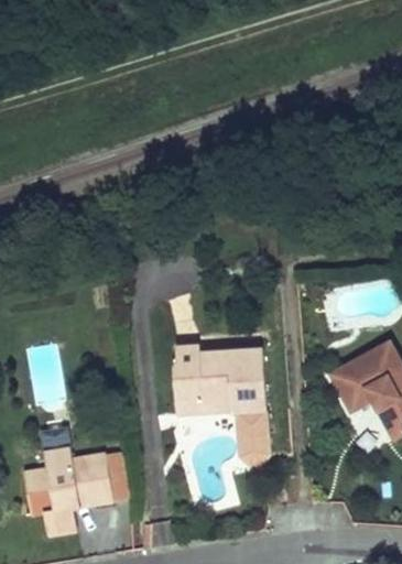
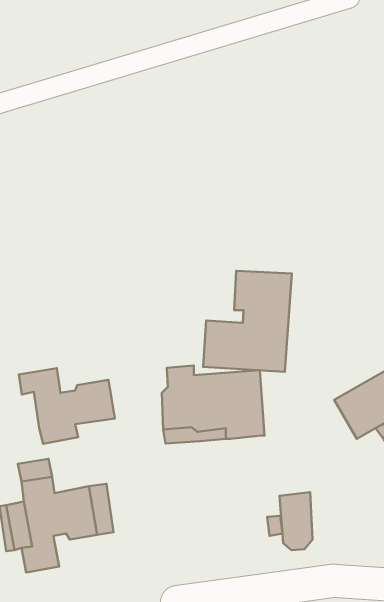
building: none -> [203,271,292,372]
building: none -> [19,368,115,444]
building: [236,408,267,462] -> [280,492,313,550]

